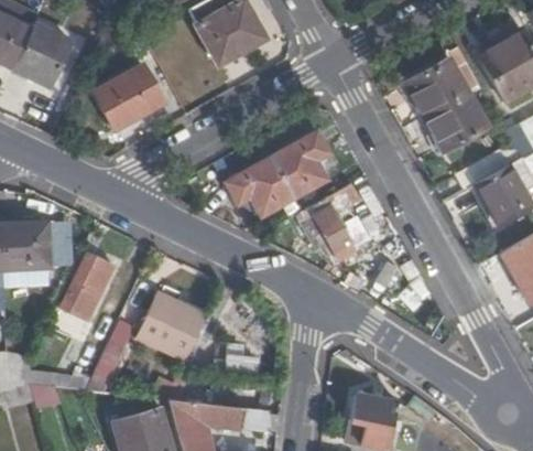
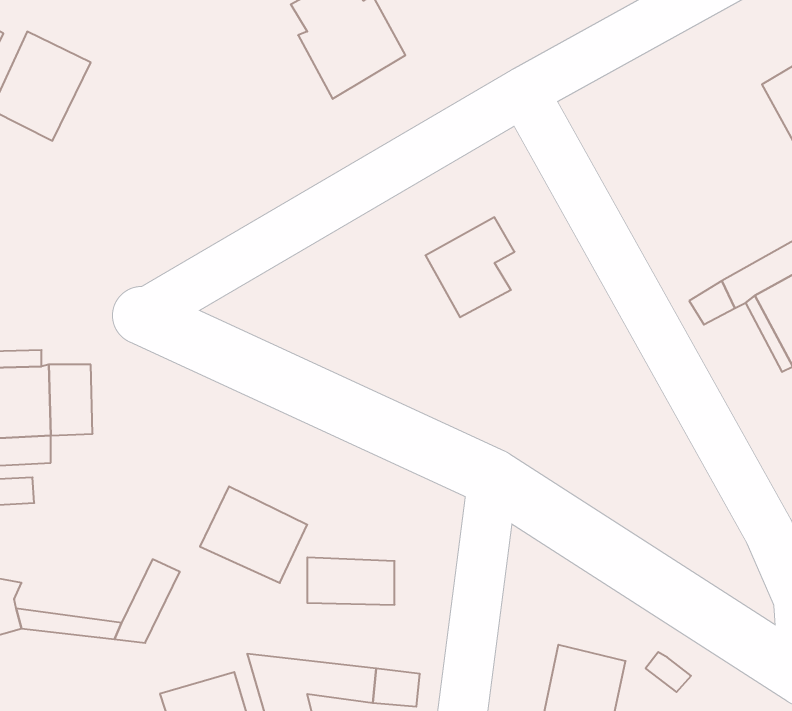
building: [403,56,487,151] -> none
building: [93,65,164,131] -> none
building: [231,158,296,214] -> none
building: [308,183,361,259] -> none
building: [62,256,115,321] -> none

